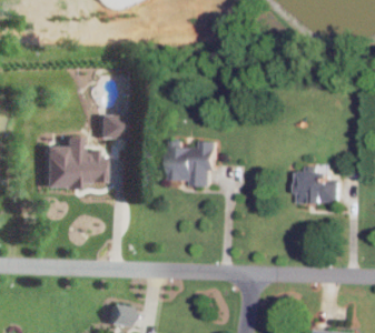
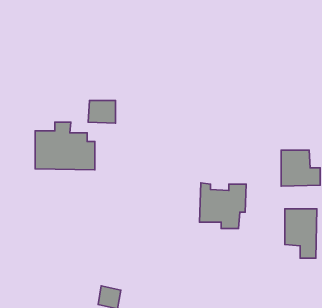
building: [167,140,215,186] -> [200,183,246,229]
building: none -> [285,209,317,258]

